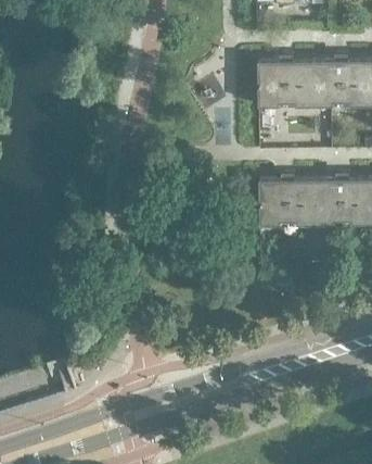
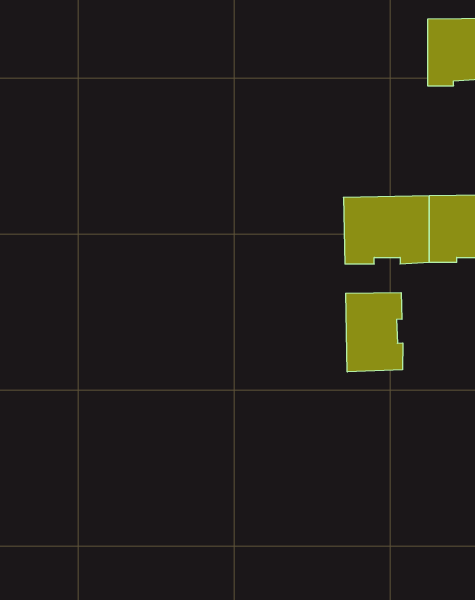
building: [258,61,316,106] -> none
building: none -> [346,293,403,372]

